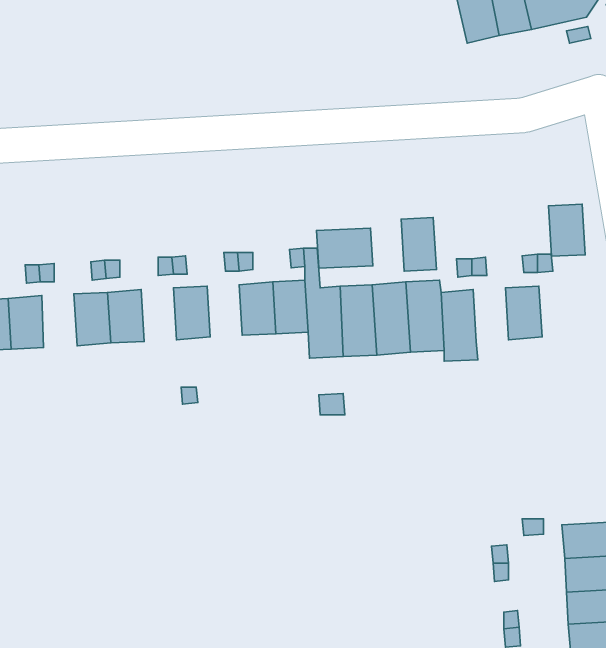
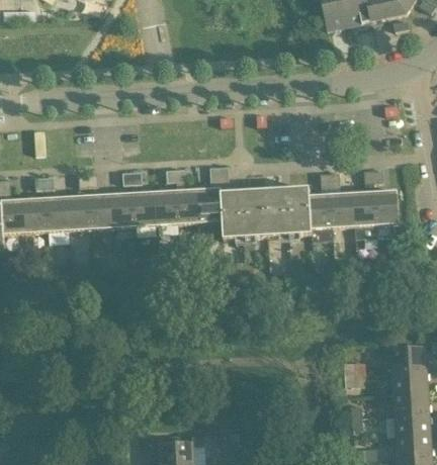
building: [548,204,585,256] -> [374,190,399,224]
building: [401,218,436,271] -> [331,192,354,227]
building: [317,228,373,268] -> none
building: none -> [155,190,178,224]
building: none -> [111,192,135,227]
building: none -> [46,196,69,231]

